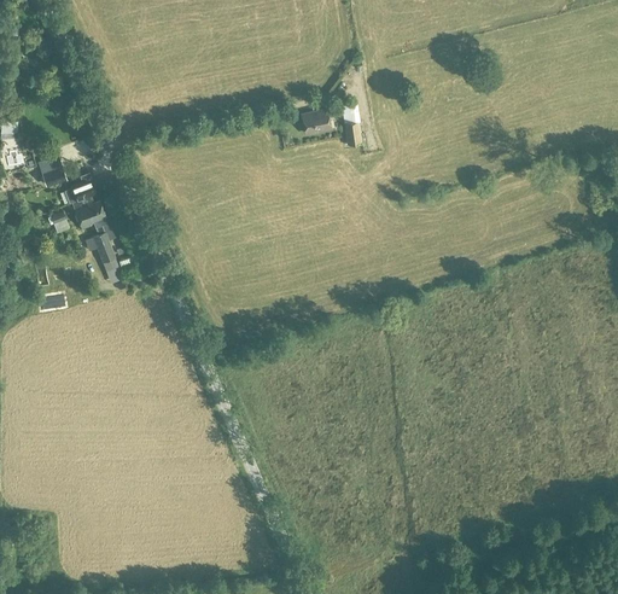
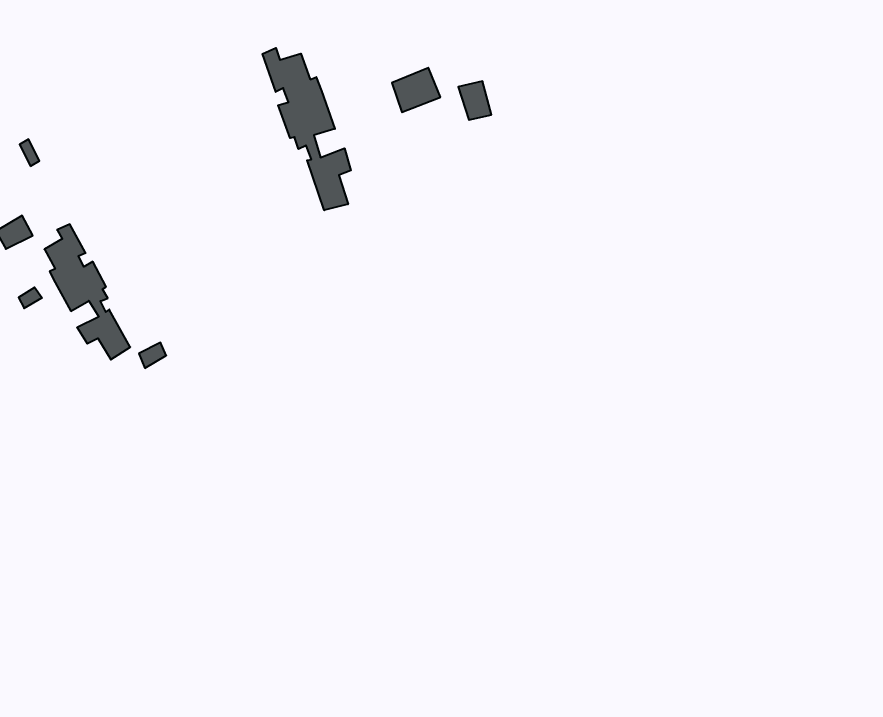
building: none -> [262,48,351,210]

